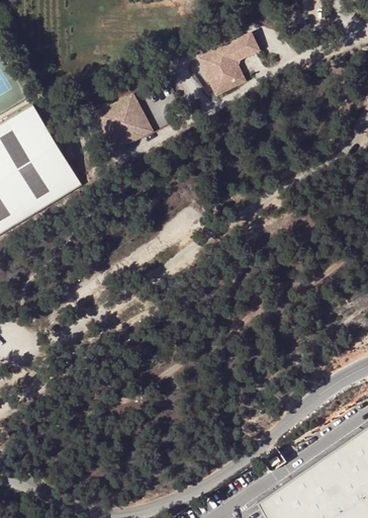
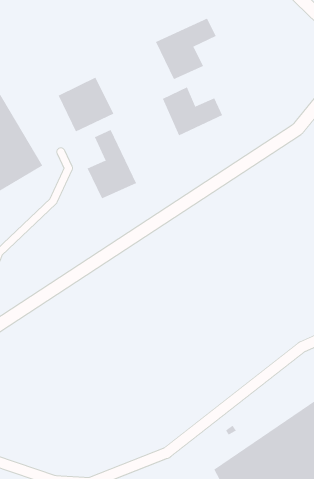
building: none -> [162,87,223,136]
building: none -> [87,129,137,199]

